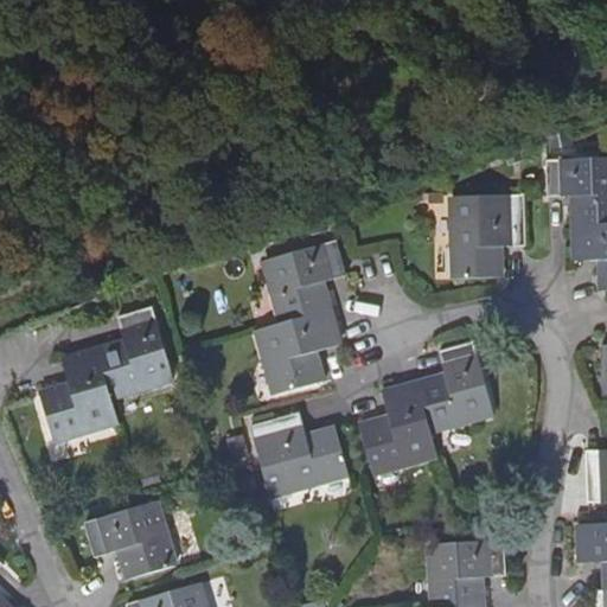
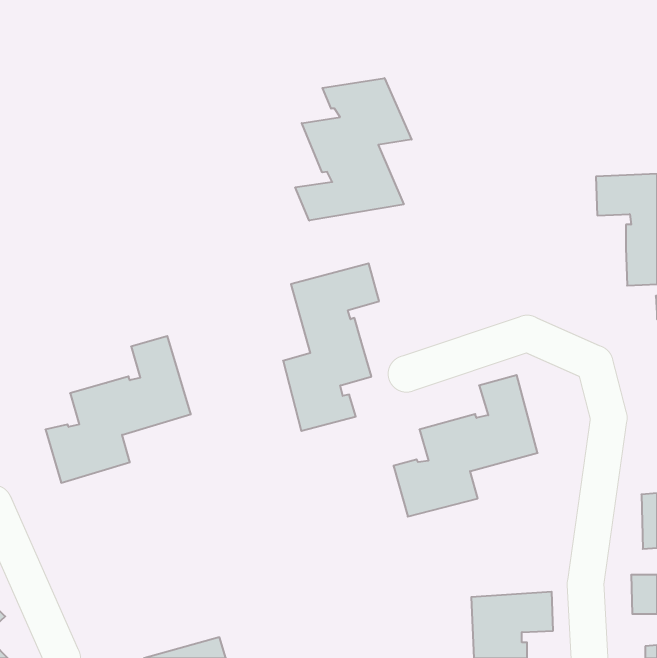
building: none -> [295,78,412,221]
building: [451,197,524,279] -> none
building: [250,411,349,494] -> none
building: [85,500,178,577] -> none

